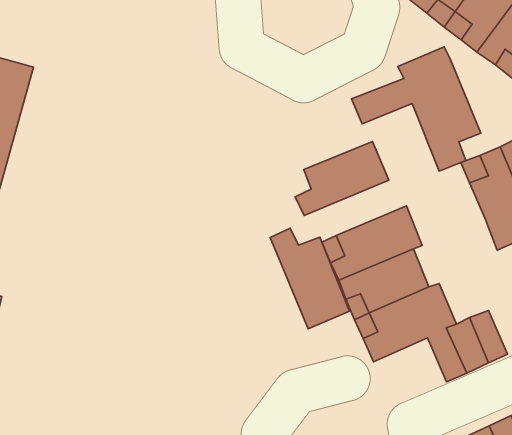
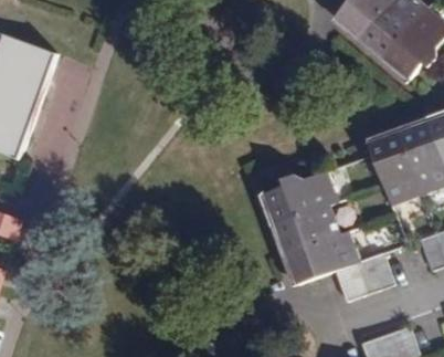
building: [352,47,481,171] -> none
building: [295,142,389,215] -> none
building: [270,228,350,329] -> none

